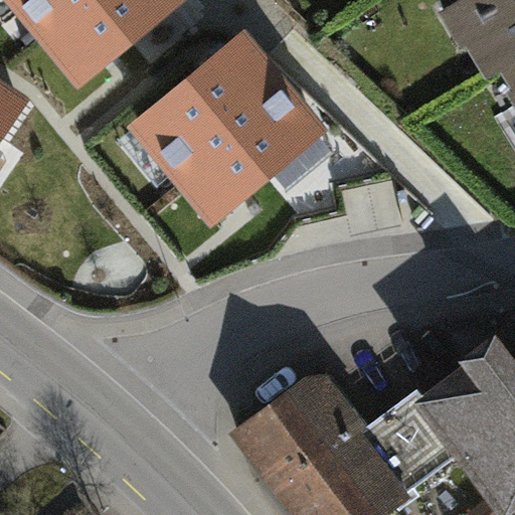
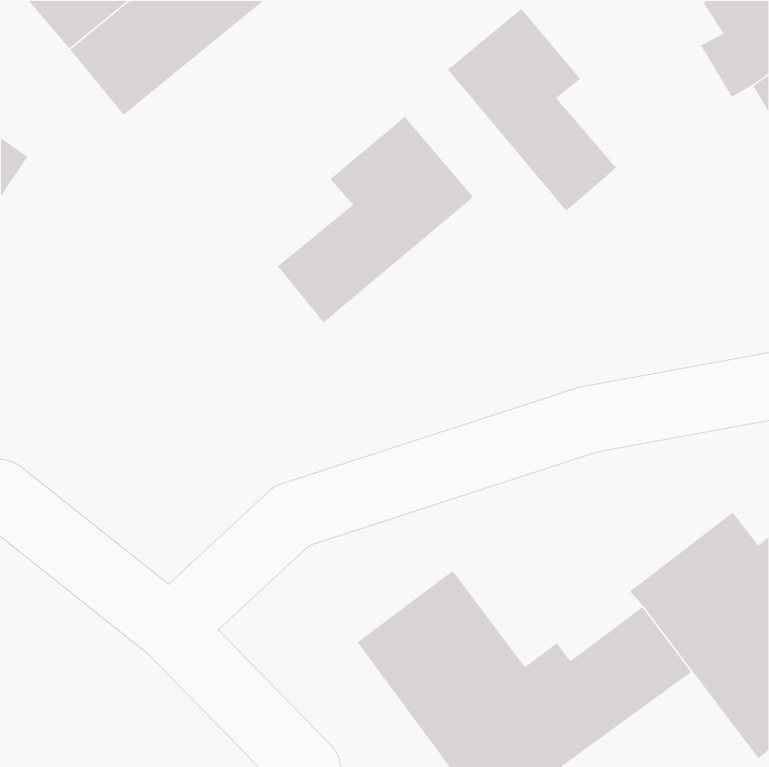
building: none -> [447,8,617,212]
building: [139,41,271,179] -> none

